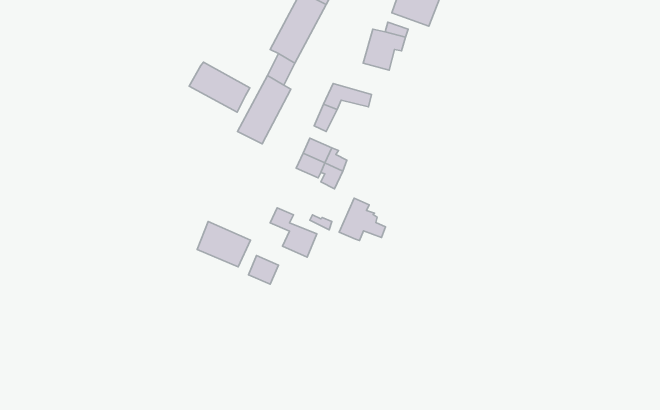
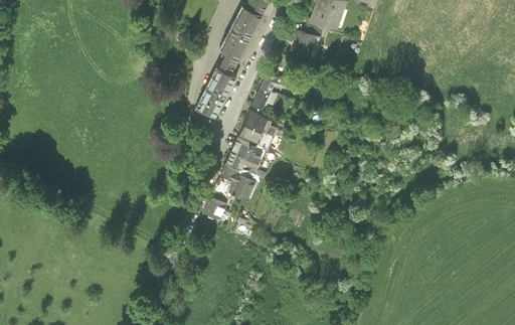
building: [189,62,250,112] -> none
building: [339,198,385,240] -> [226,139,261,170]
building: [197,222,250,267] -> none

